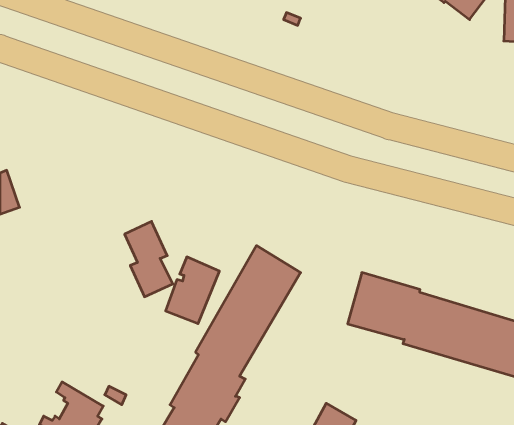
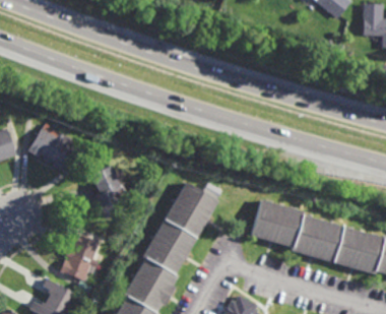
building: none -> [27,121,80,171]
building: [166,257,219,324] -> [61,232,100,279]

